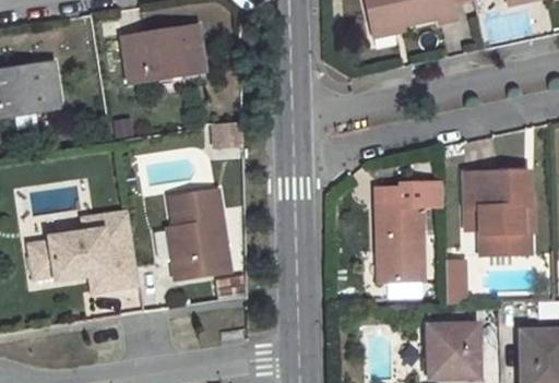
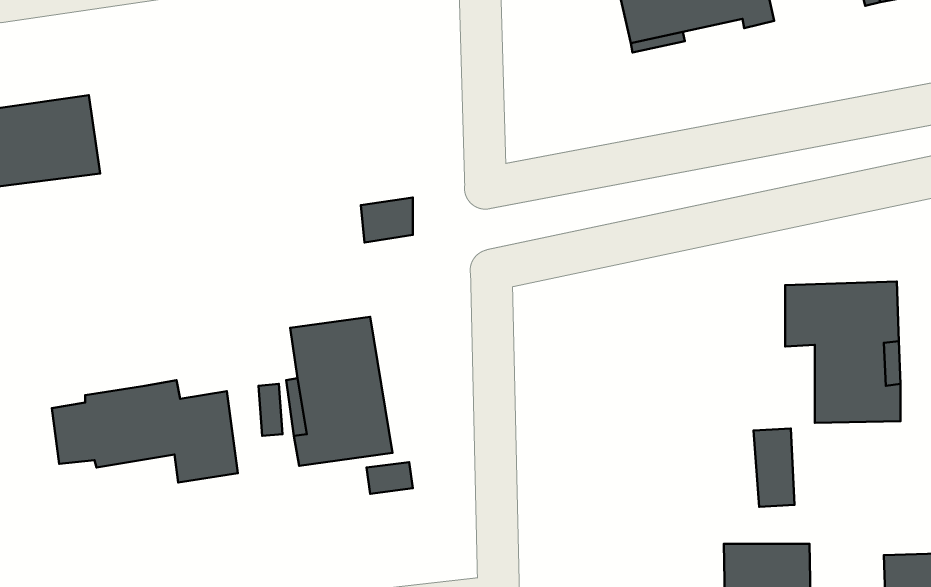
building: [122,24,204,81] -> none
building: [376,183,441,282] -> none
building: [84,211,134,239] -> none

